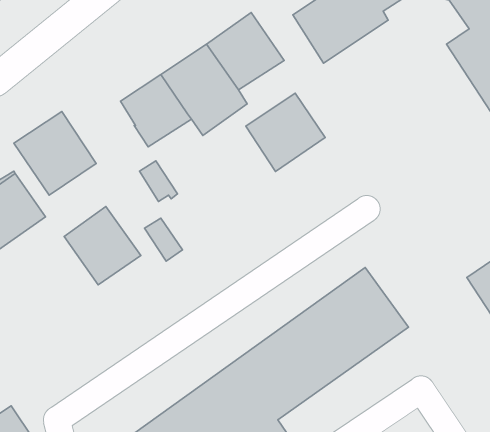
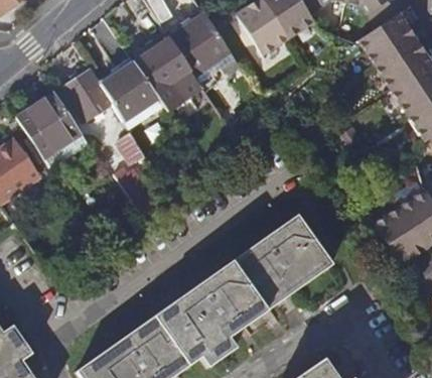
building: none -> [61,69,113,121]
building: [246,93,325,171] -> none
building: [64,207,141,285] -> none

